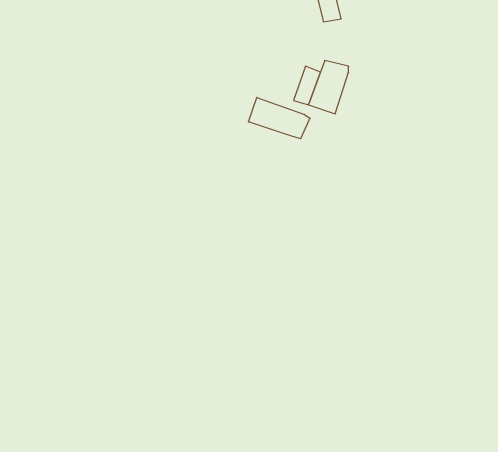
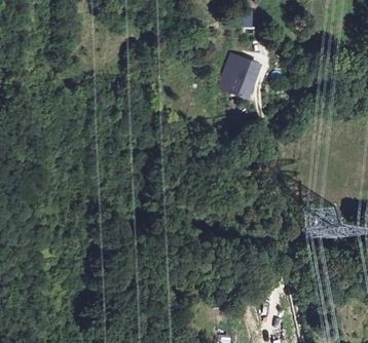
building: [248,97,310,139] -> none

